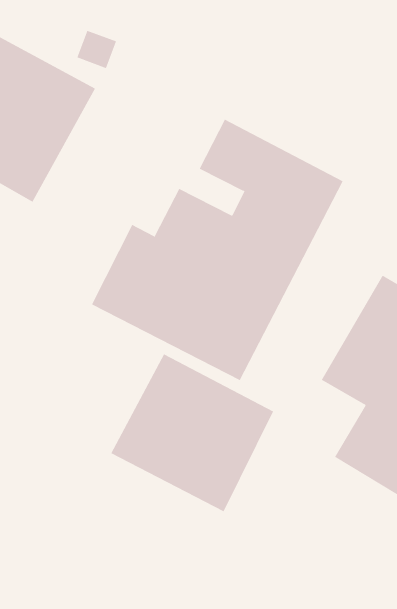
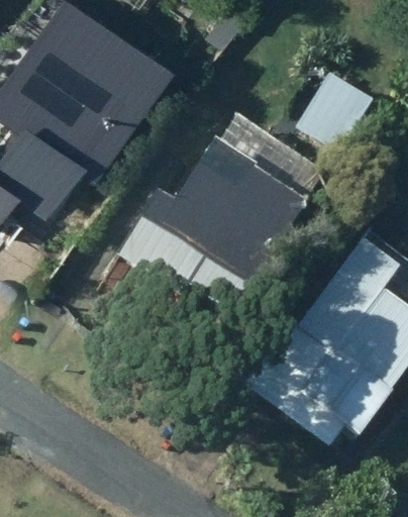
building: [110,354,274,512] -> none

